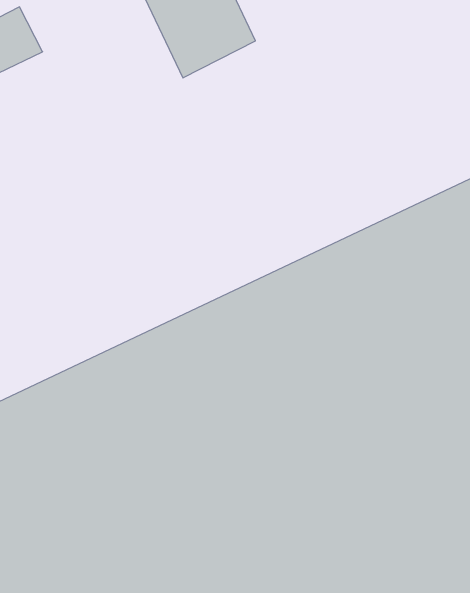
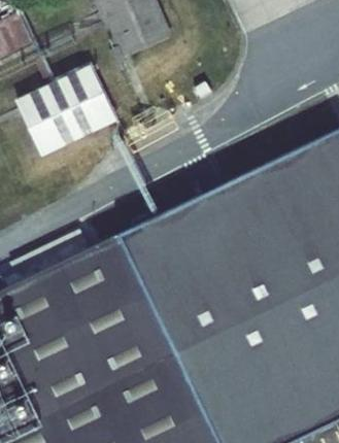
building: none -> [20,67,120,159]

